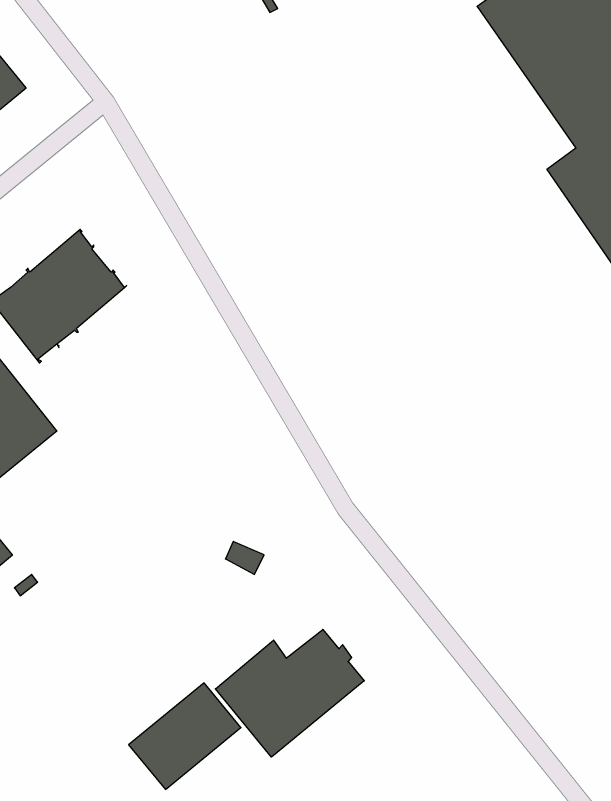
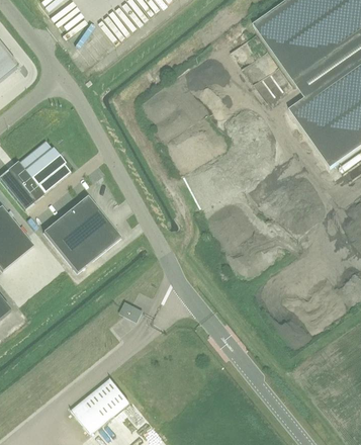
building: none -> [43,194,121,272]
building: [215,629,364,757] -> none

